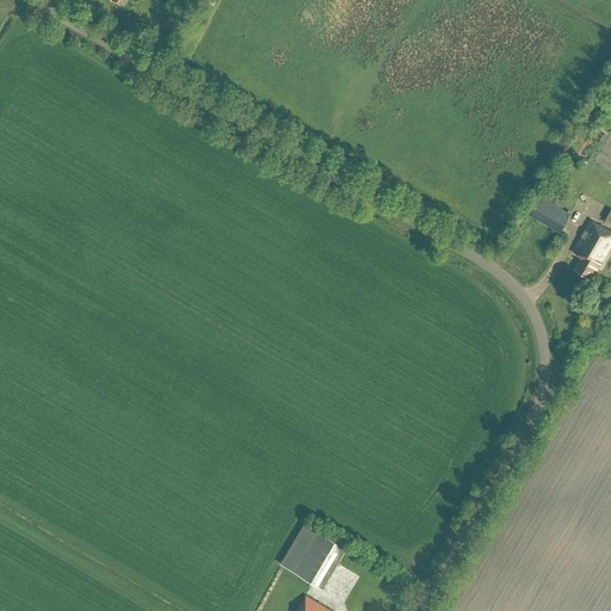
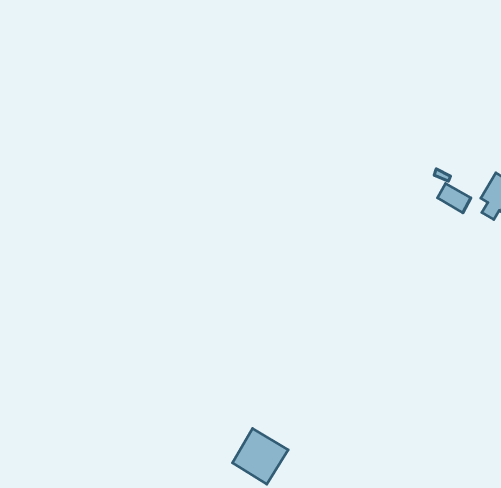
building: [529,197,568,232] -> [437,184,471,213]

